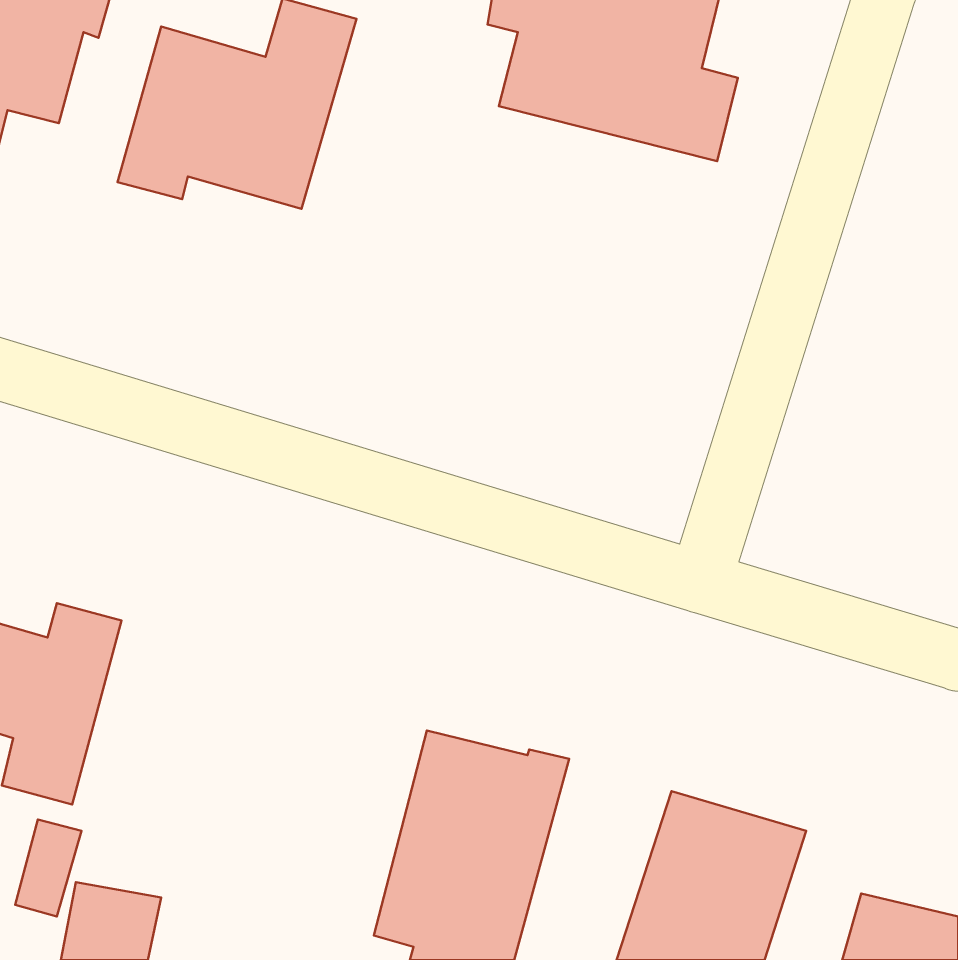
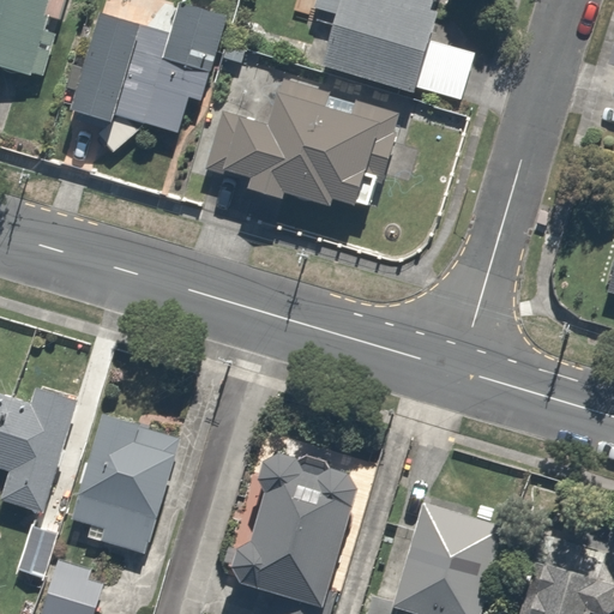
building: none -> [203,78,397,212]
building: none -> [72,414,177,556]

